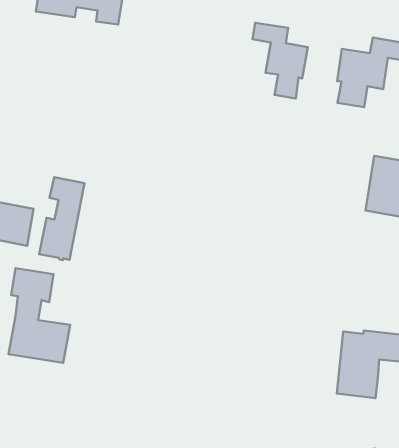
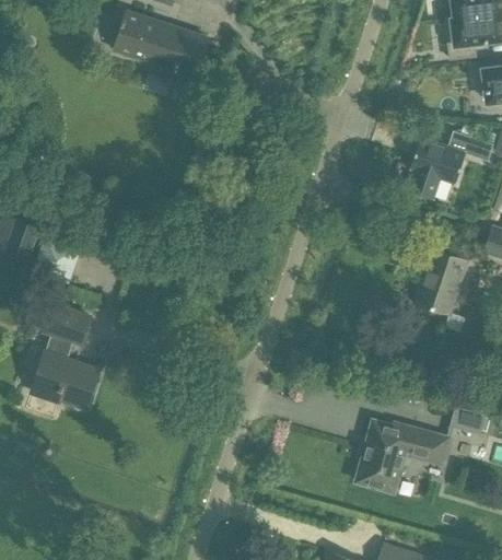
building: [252,23,308,98] -> none
building: [39,177,84,260] -> none

